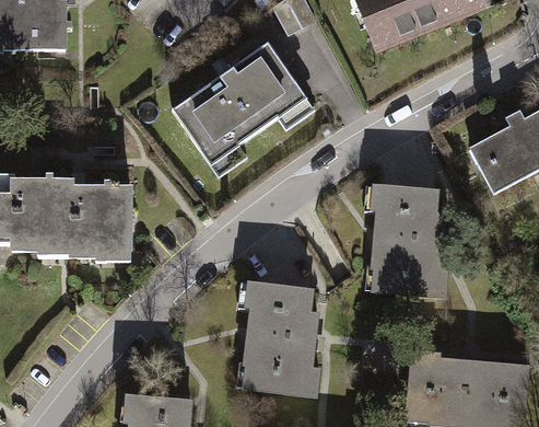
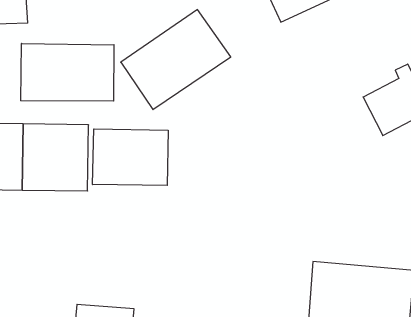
building: none -> [21,43,114,101]
building: none -> [93,129,168,185]
building: [368,187,449,300] -> none
building: [236,286,324,400] -> none

